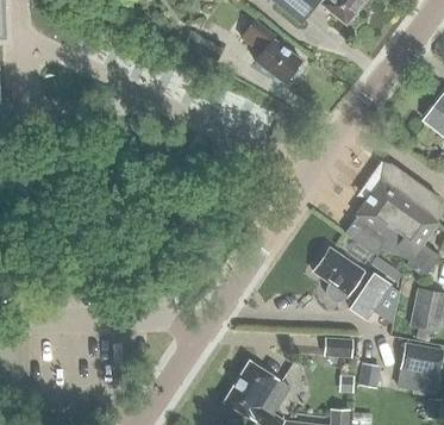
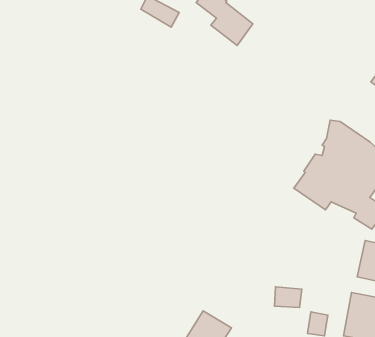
building: [312,248,389,318] -> none

